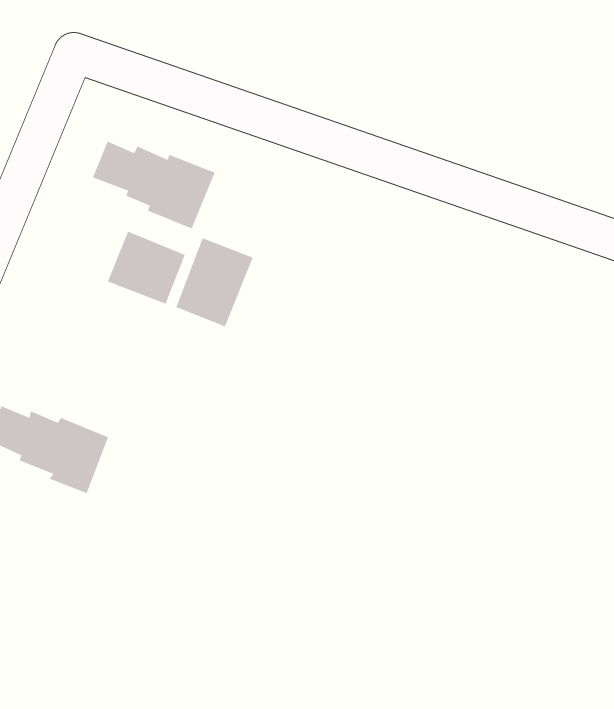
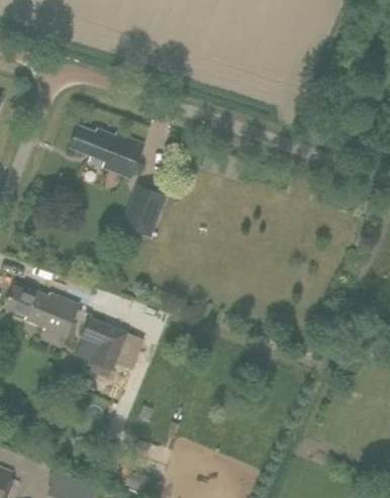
building: [107,231,186,304] -> none
building: none -> [81,318,142,376]

